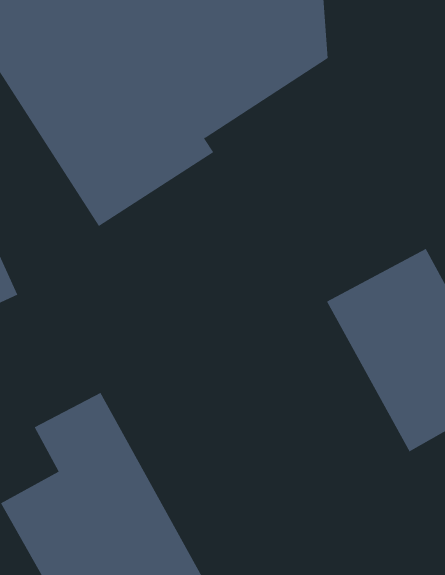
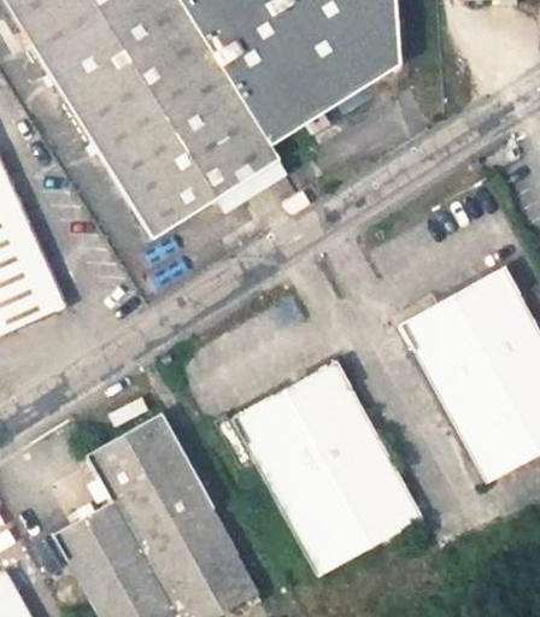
building: none -> [230,359,423,576]

